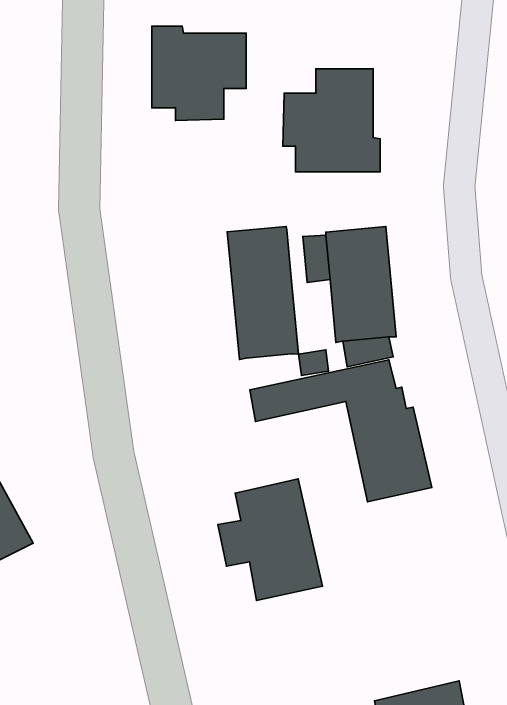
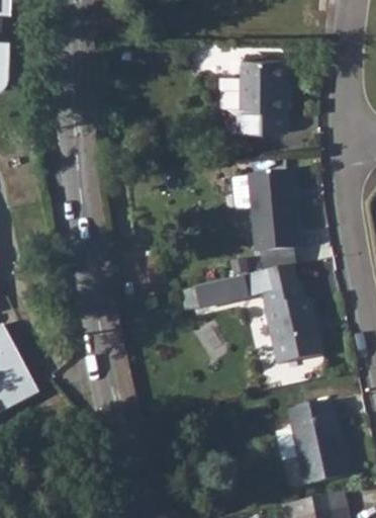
building: [152,26,246,120] -> none
building: [227,227,299,359] -> none
building: [218,479,322,601] -> [275,399,349,485]

